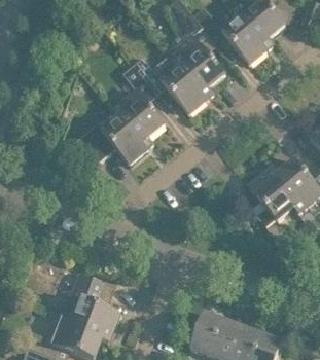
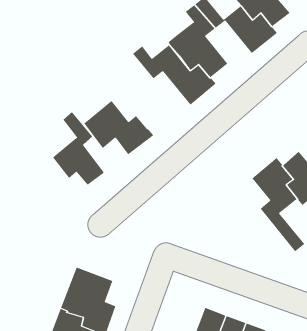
building: [112,65,164,138] -> [52,111,105,186]

